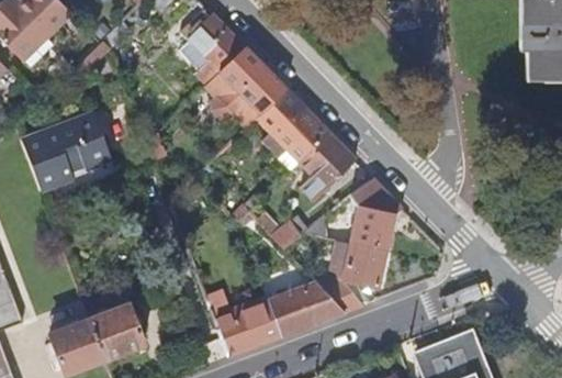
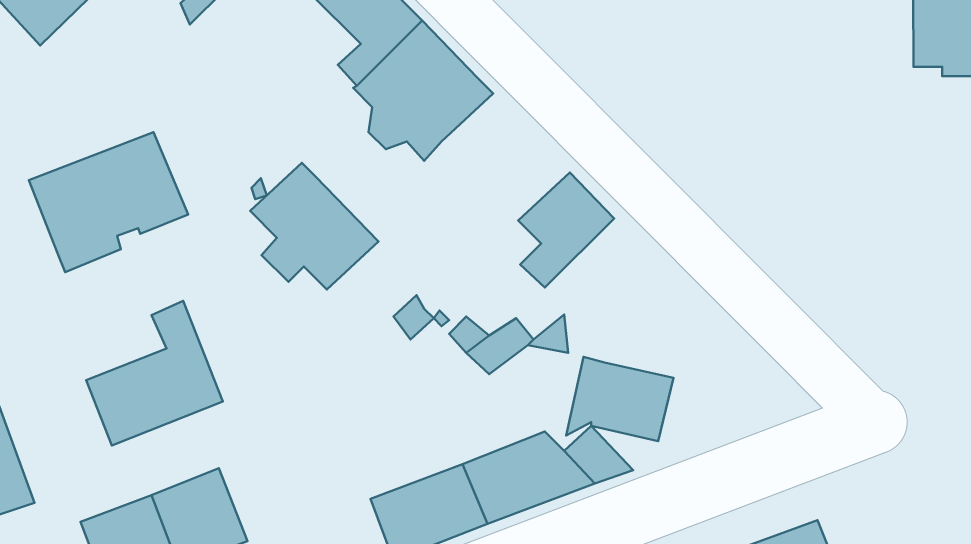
building: [256,89,329,162] -> [250,163,379,290]
building: [349,179,403,252] -> none
building: none -> [86,301,223,445]

